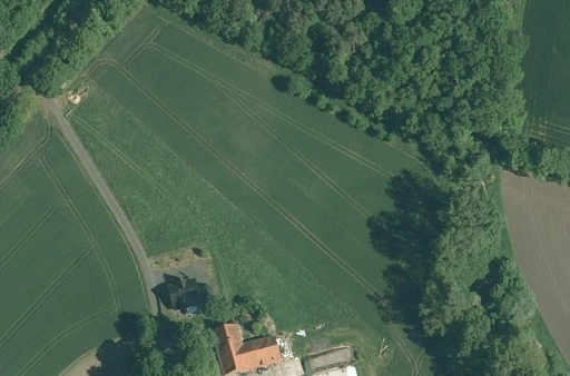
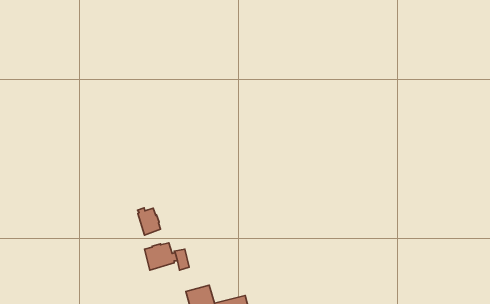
building: none -> [138,208,161,235]

